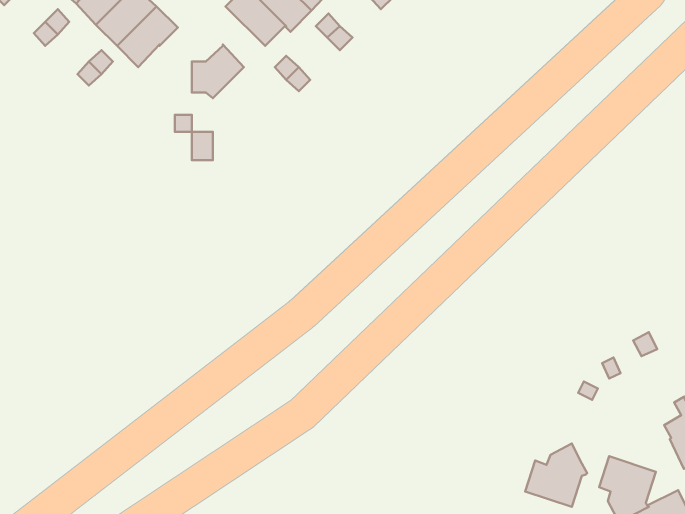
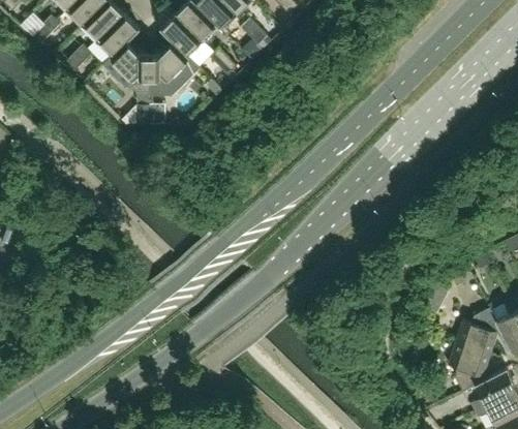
building: none -> [160,14,205,59]
building: none -> [102,42,151,91]
building: [525,444,587,507] -> [457,309,502,356]

